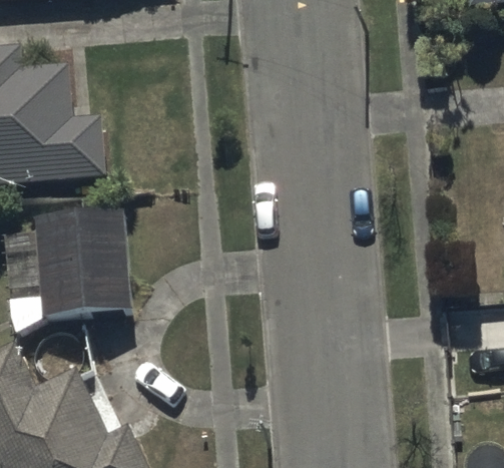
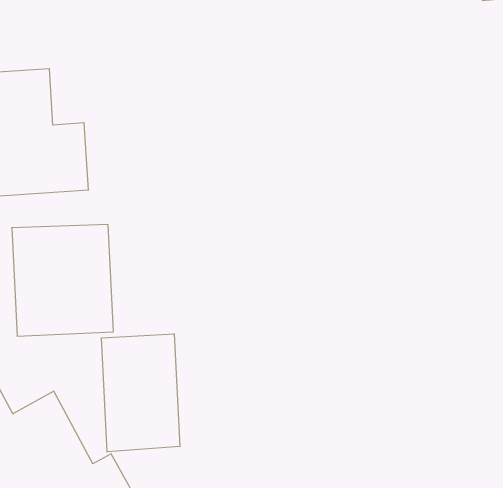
building: none -> [101,334,180,452]

